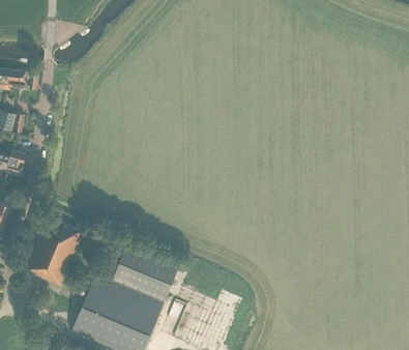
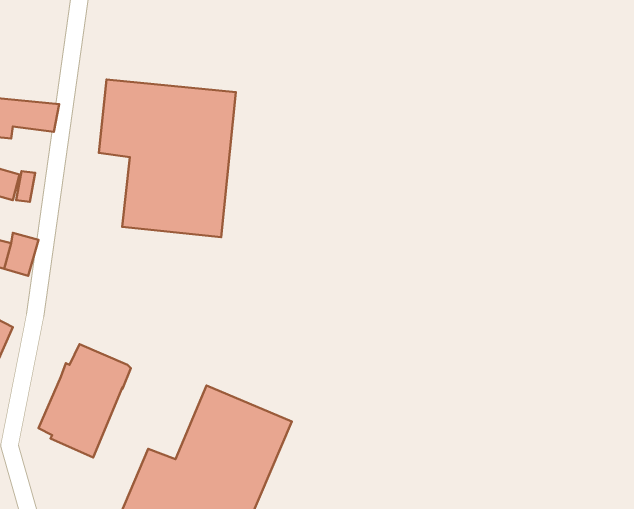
building: none -> [99,80,236,237]

